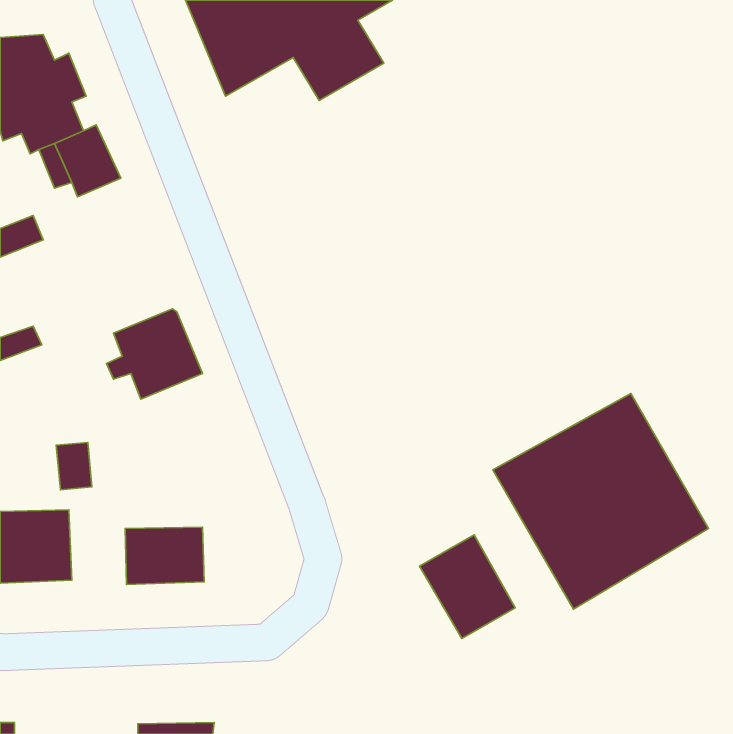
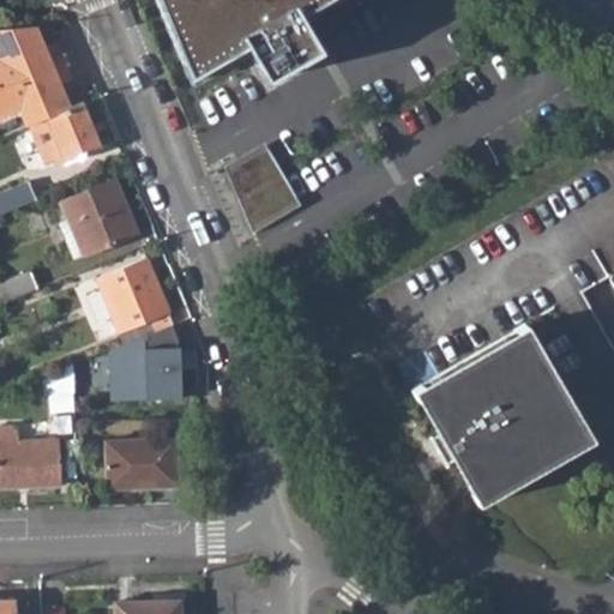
building: none -> [225,140,301,228]
building: none -> [68,180,137,255]
building: none -> [112,325,192,403]
building: [420,535,515,638] -> none

